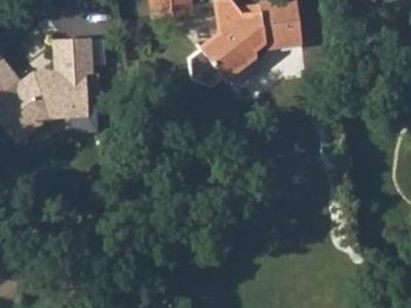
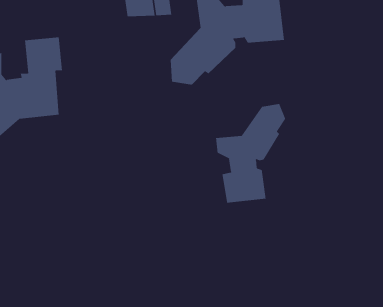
building: none -> [215,103,286,204]

